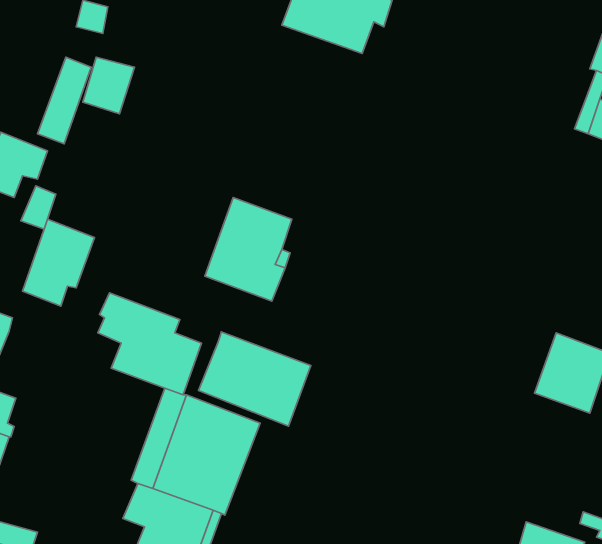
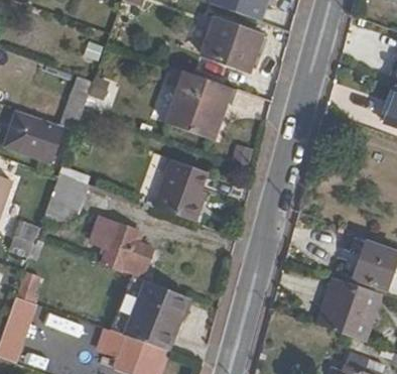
building: none -> [164,66,235,139]
building: [199,332,311,426] -> none
building: none -> [314,276,379,341]

